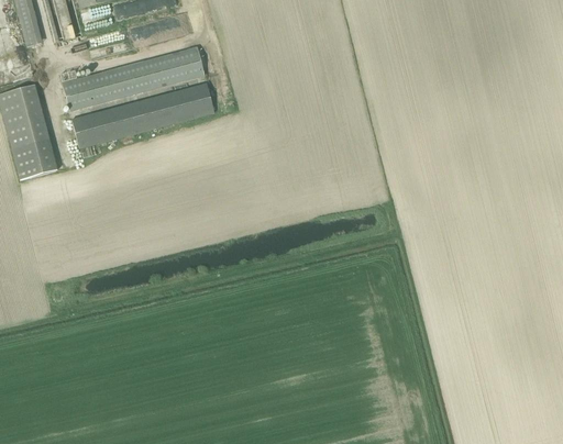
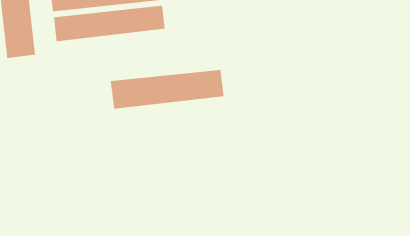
building: none -> [110,69,224,109]

